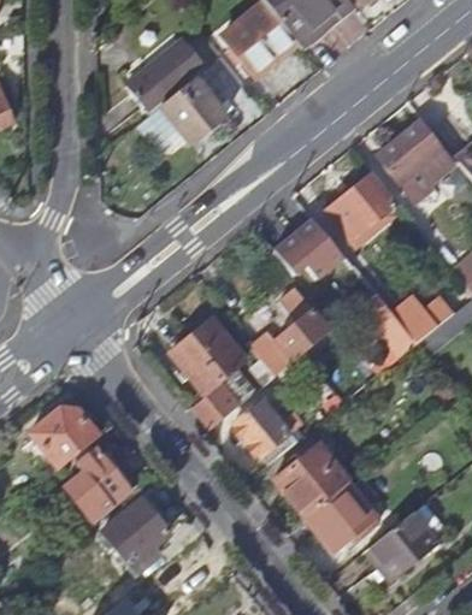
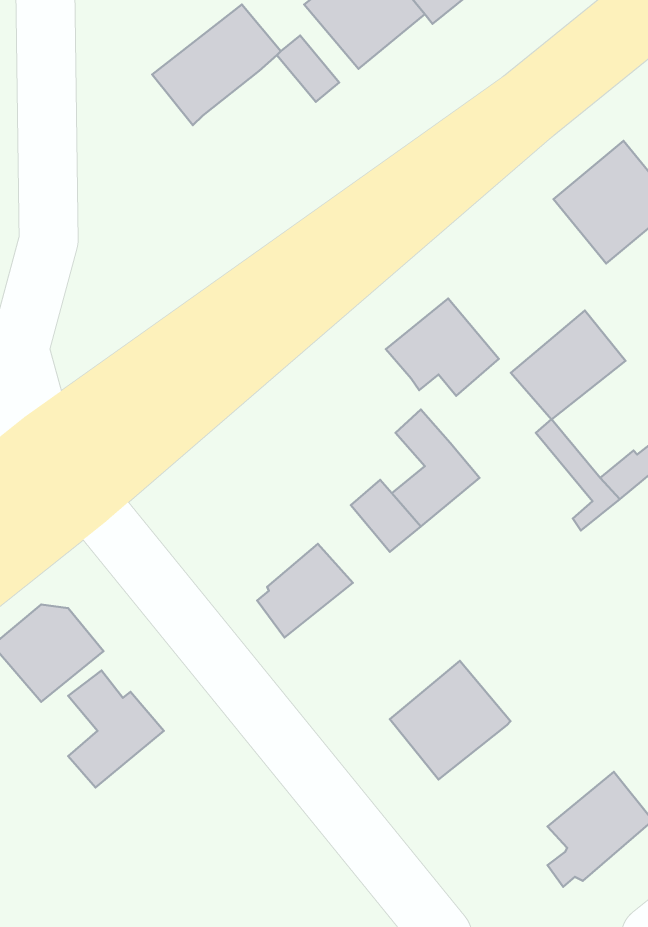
building: [159,77,225,143] -> none
building: [324,173,395,241] -> [511,310,626,419]
building: [165,320,241,396] -> none
building: [235,396,313,462] -> none
building: [305,481,376,550] -> none
building: [101,498,169,573] -> none

